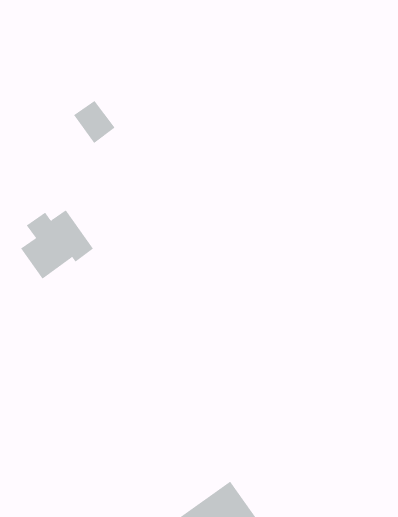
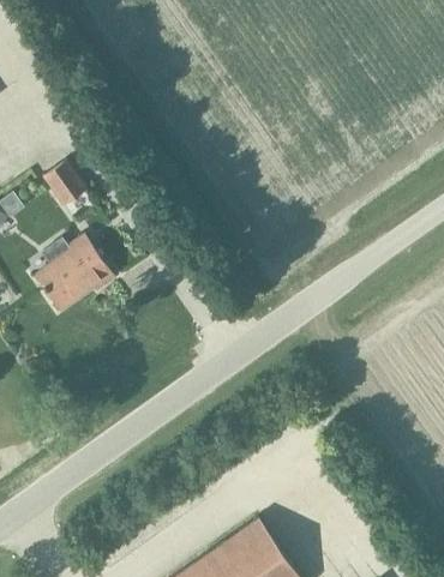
building: [73,100,116,144] -> [41,161,85,206]

